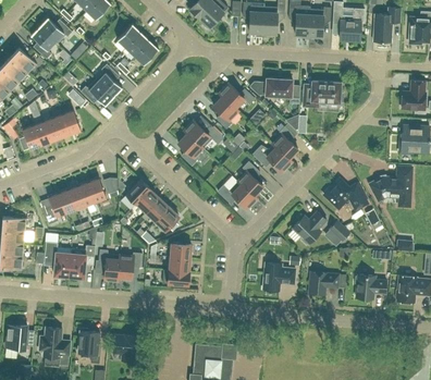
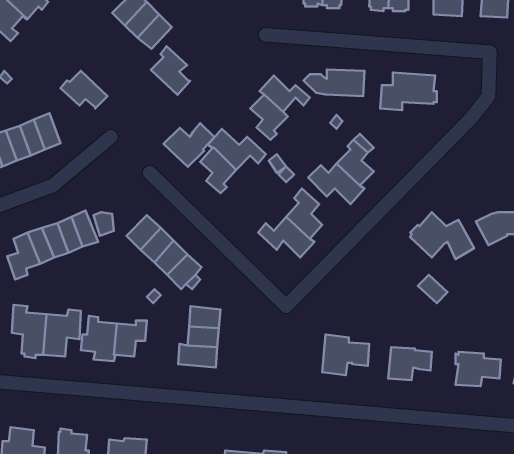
building: [95,63,122,97] -> [151,46,190,95]
building: none -> [164,123,214,167]
building: [292,211,327,244] -> none

